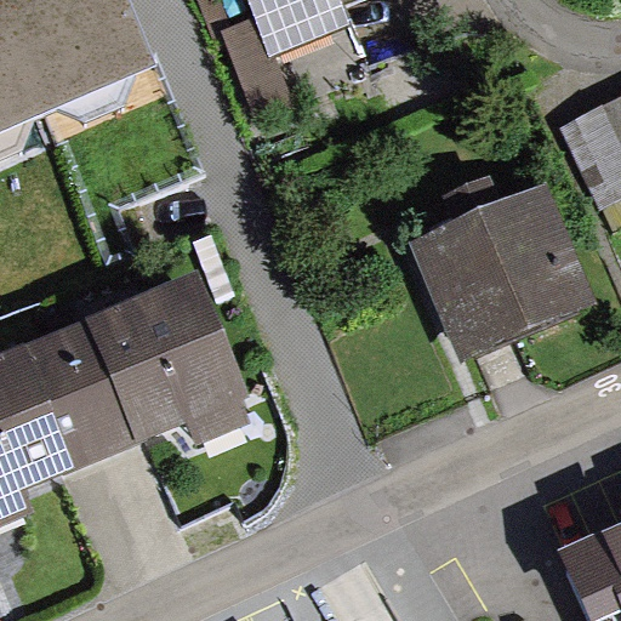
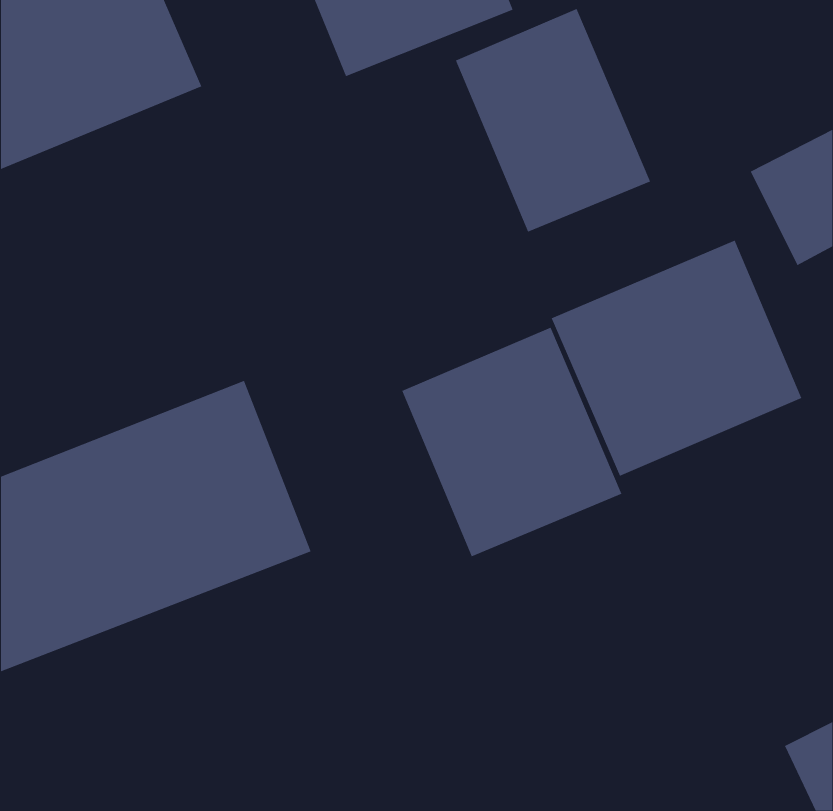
building: none -> [455,8,651,233]
building: none -> [401,327,622,557]

